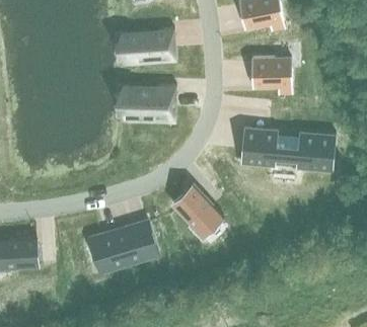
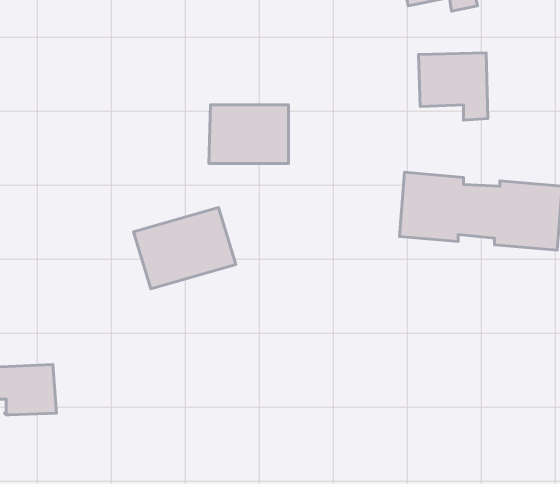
building: [127,31,174,64] -> none
building: [170,187,222,232] -> none
building: [96,221,156,268] -> [134,207,236,289]

